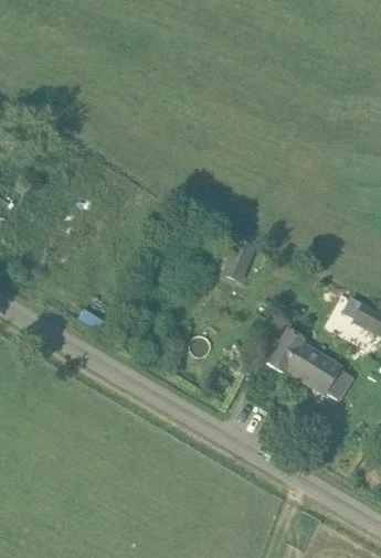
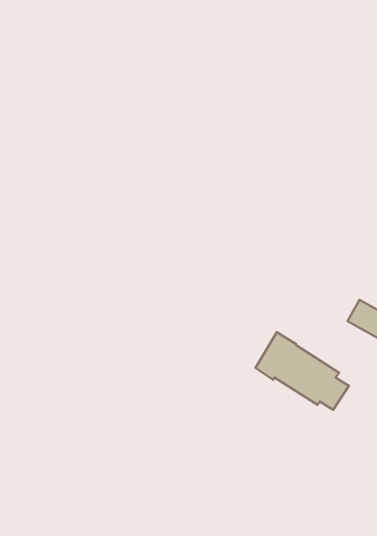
building: [220,236,253,279] -> none

